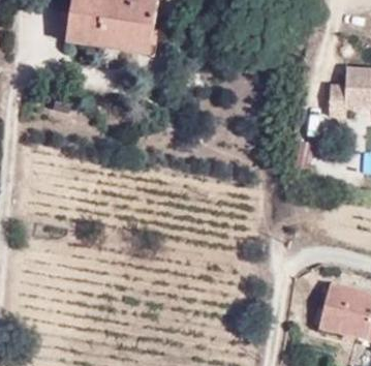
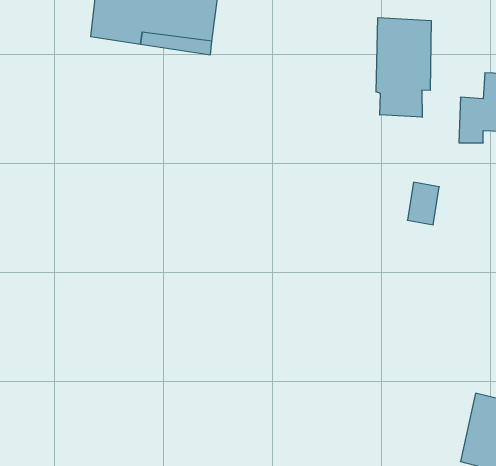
building: none -> [376,18,431,117]

